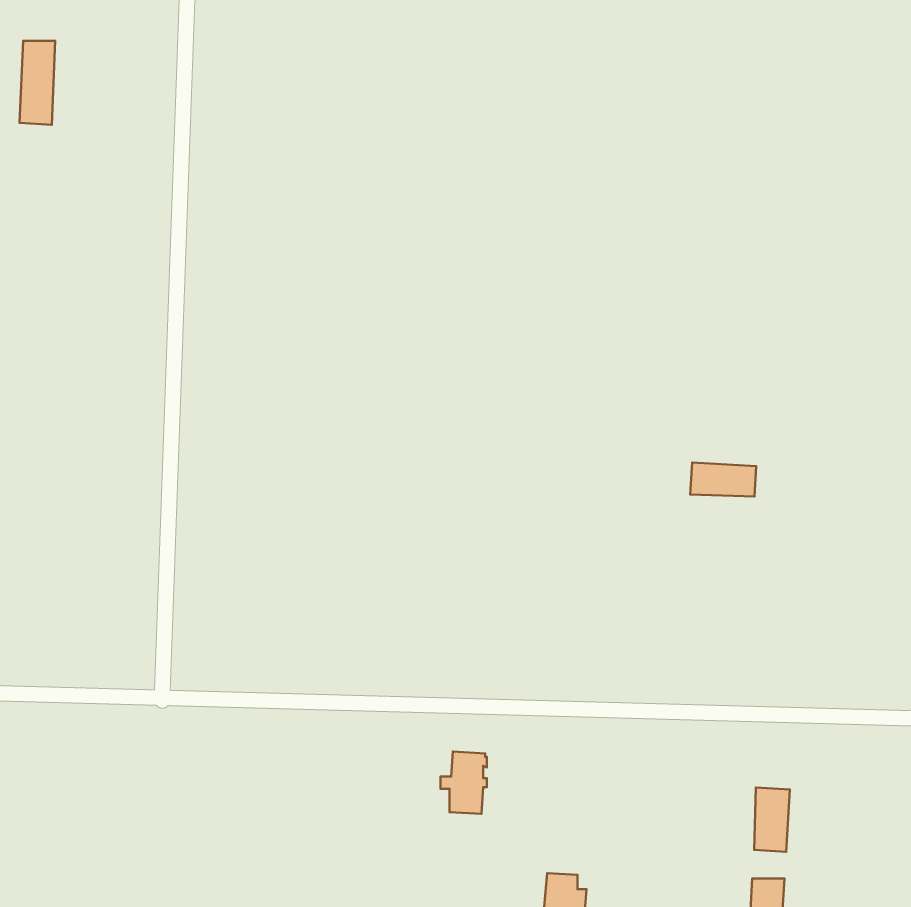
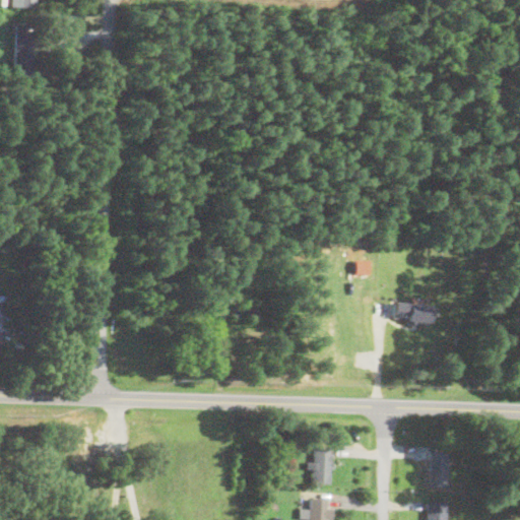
building: [690,462,756,496] -> [390,303,428,322]
building: [440,752,487,814] -> [308,449,334,484]

